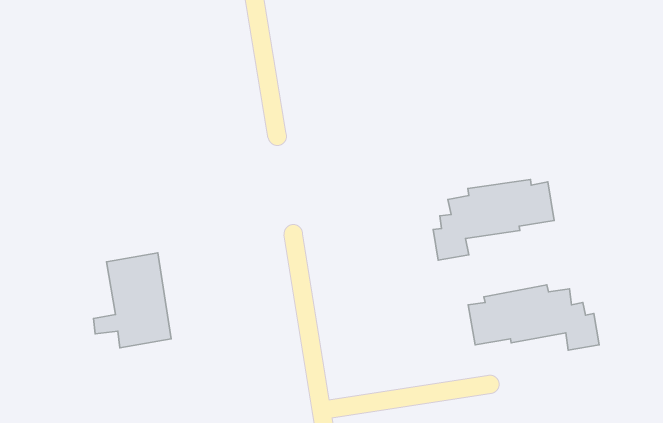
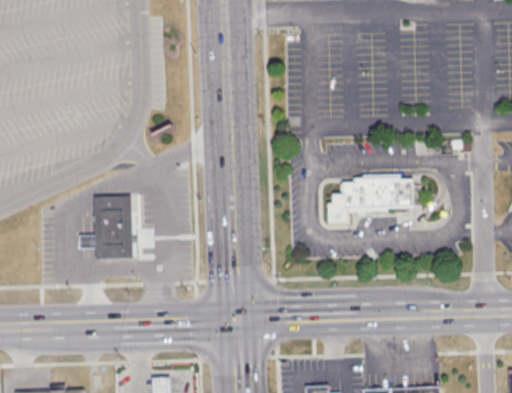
building: [468,285,599,350] -> none

